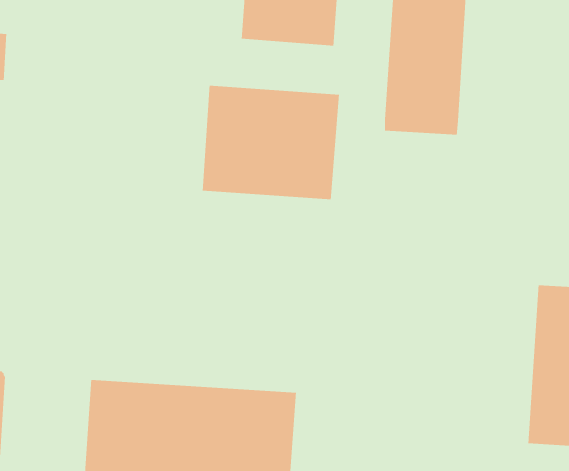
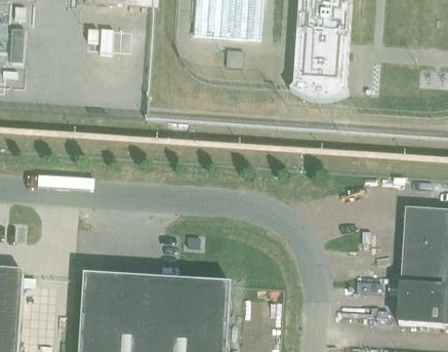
building: [202,85,340,200] -> none

